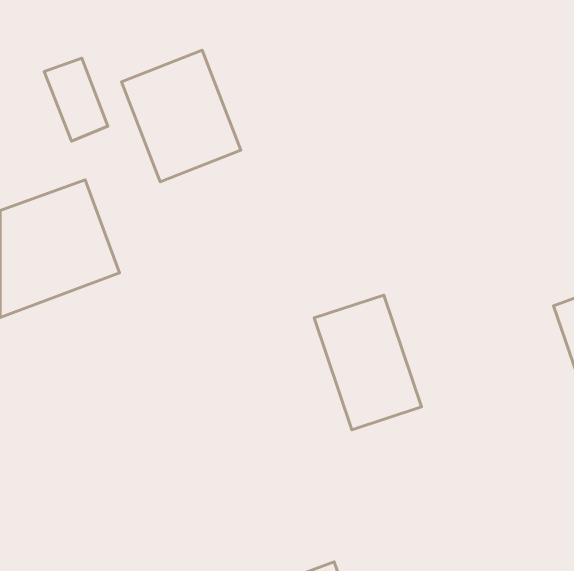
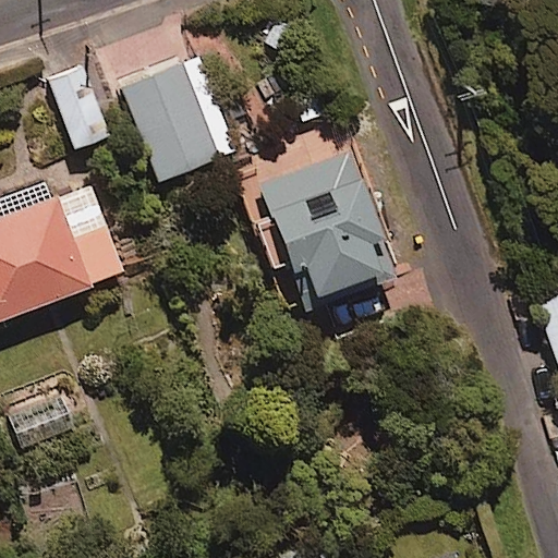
building: none -> [251,150,386,306]
building: [314,295,422,430] -> none

